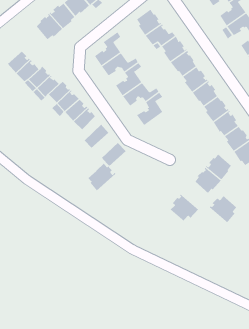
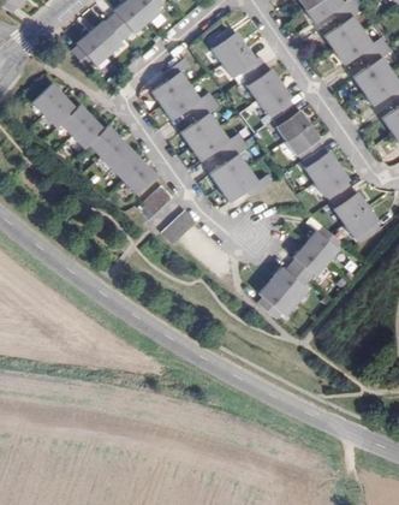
building: none -> [220,167,272,201]
building: [88,163,116,191] -> none
building: [209,195,237,223] -> [270,263,309,302]

